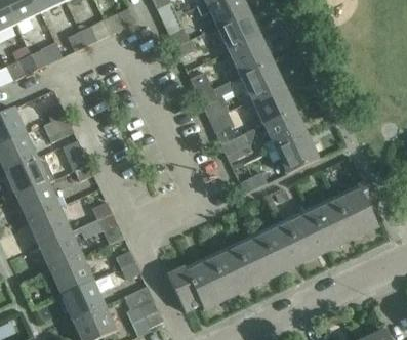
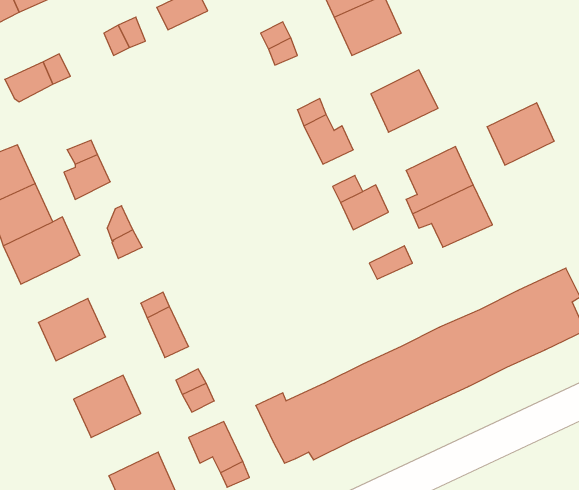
building: [229,36,272,75] -> none
building: [252,84,295,124] -> [487,103,554,165]
building: [16,181,59,221] -> none
building: [39,230,82,270] -> none
building: [62,280,105,320] -> none

